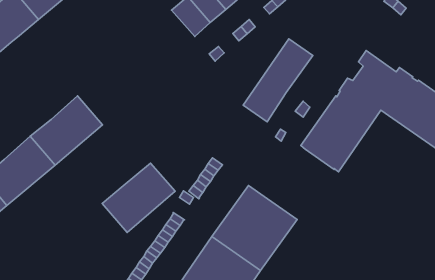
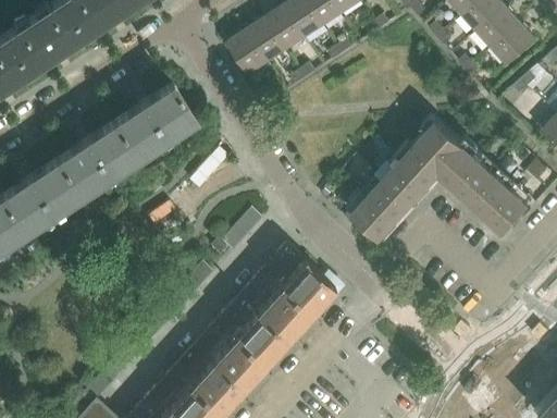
building: [243,39,313,122] -> none
building: [102,163,175,233] -> [114,89,195,161]

